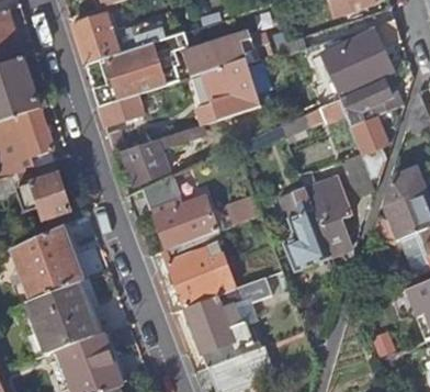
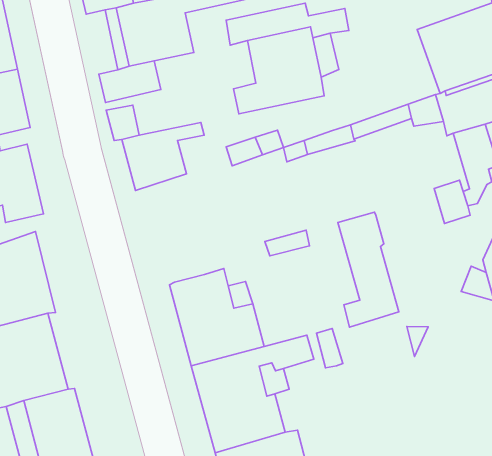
building: [305,173,352,253] -> none
building: [144,175,216,248] -> none

